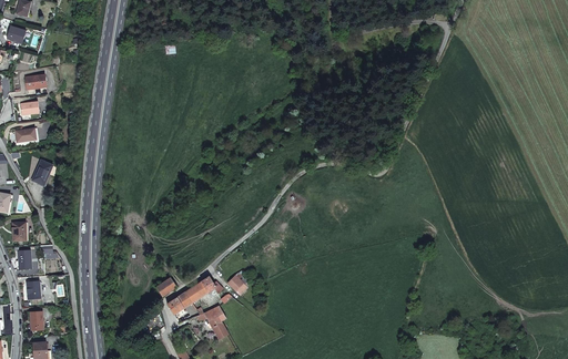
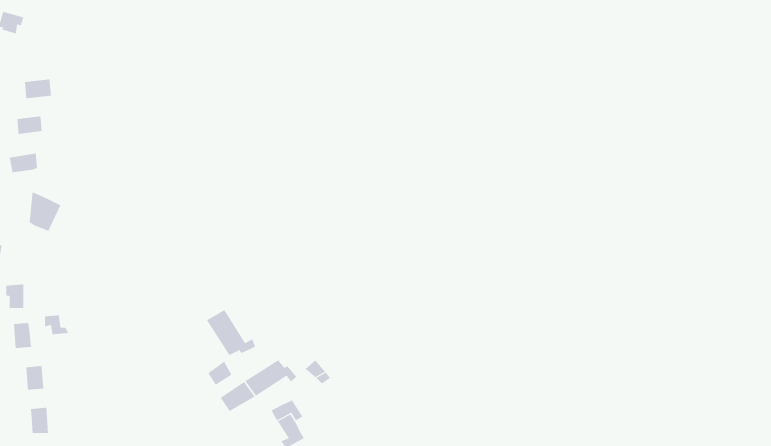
building: none -> [206,309,256,356]

